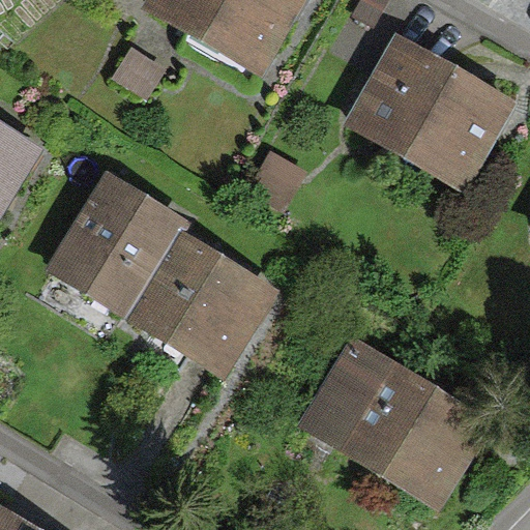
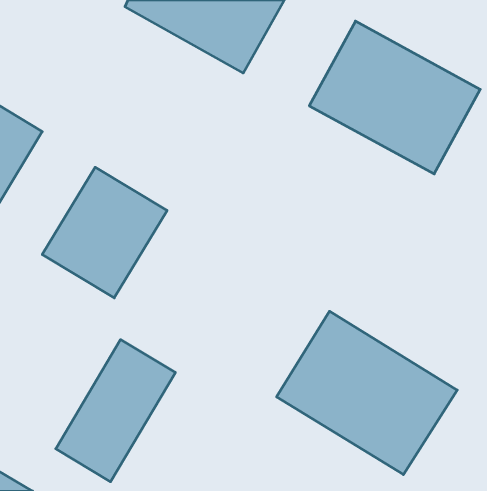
building: [123,227,278,380] -> none
building: none -> [56,340,175,482]

